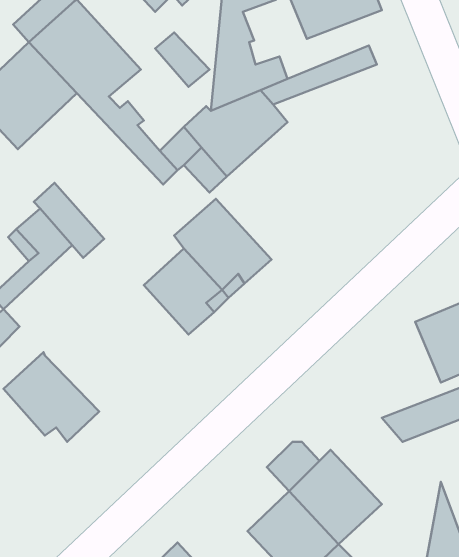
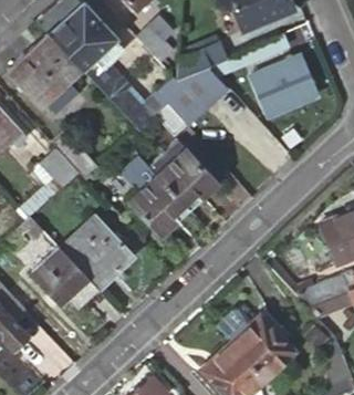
building: none -> [251,56,320,116]
building: none -> [61,216,133,288]

